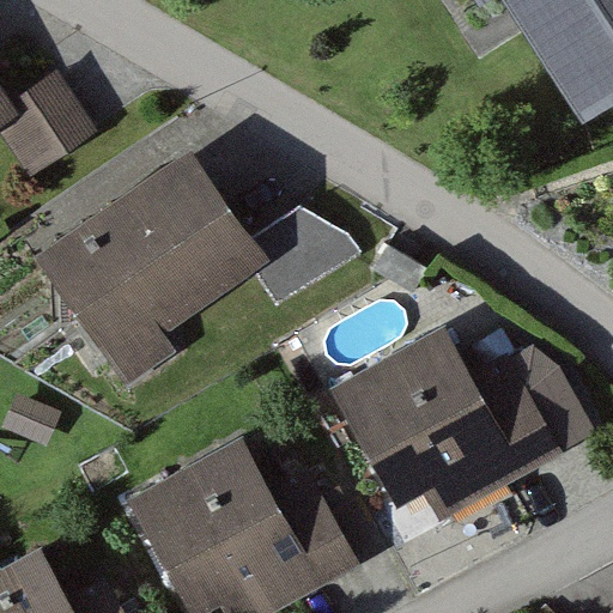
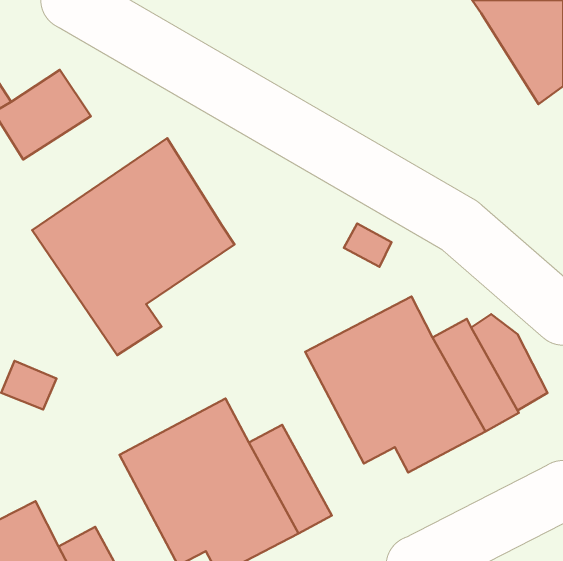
building: [241,211,363,312] -> none

